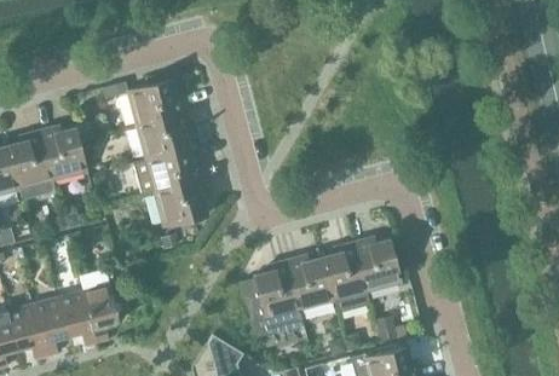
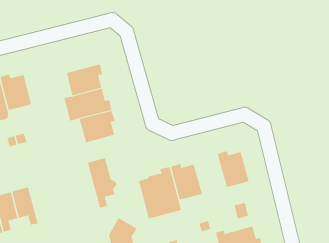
building: [126,80,185,126] -> none
building: [321,243,368,311] -> none
building: [77,270,121,343] -> [87,158,117,209]

